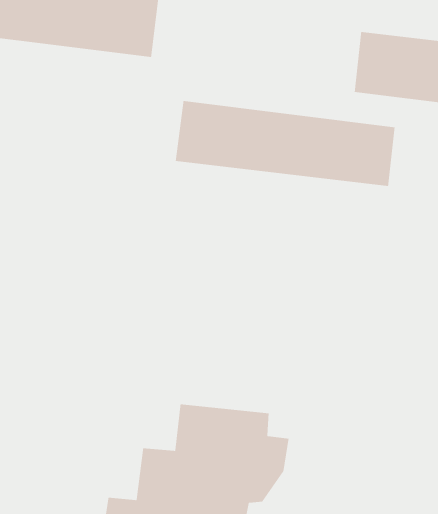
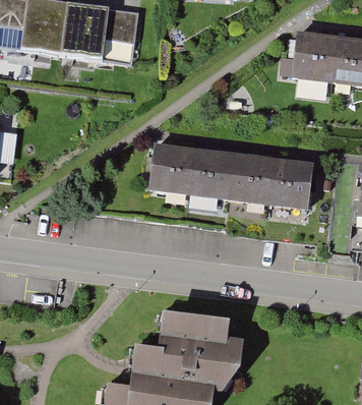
building: [175,100,395,187] -> [143,147,311,213]

